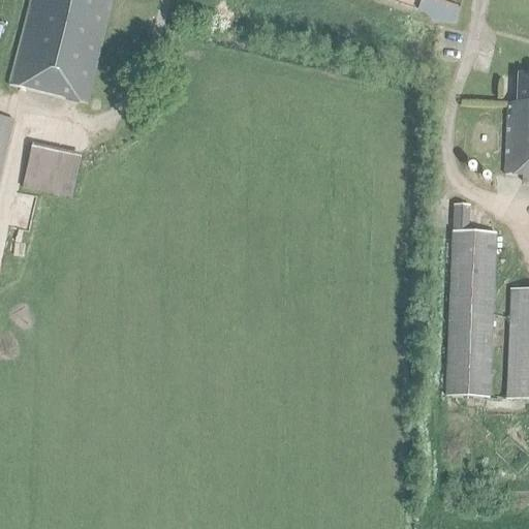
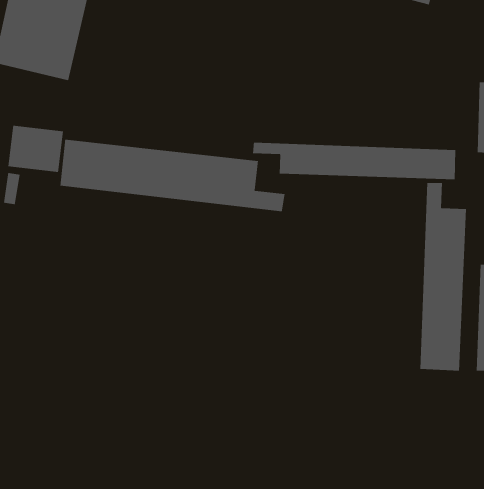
building: none -> [60,139,285,212]
building: none -> [252,142,456,180]

